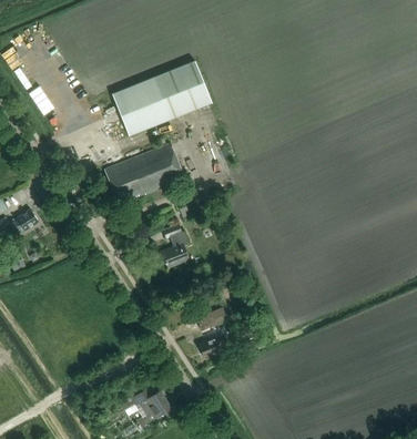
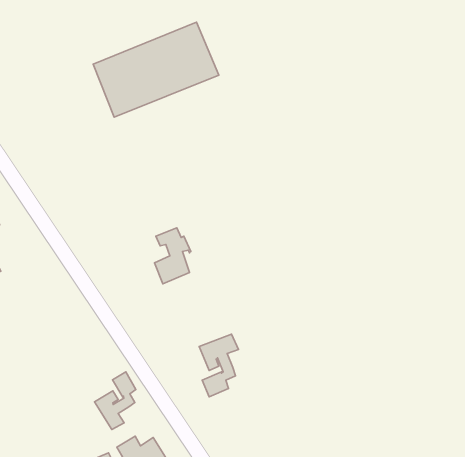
building: [104,142,184,200] -> none
building: none -> [94,372,136,430]

